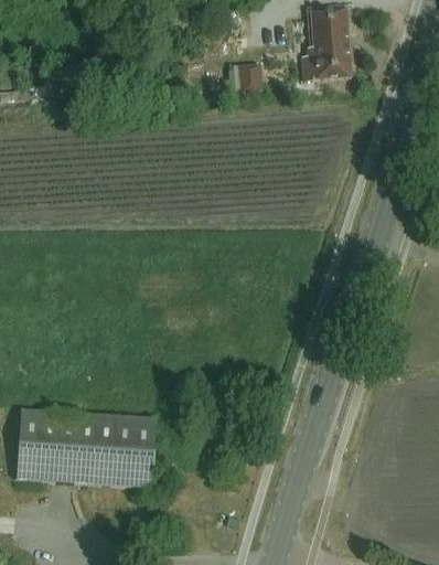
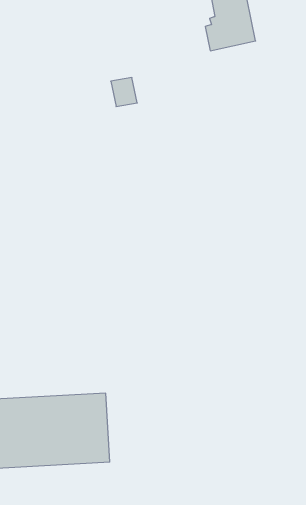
building: [237,64,261,92] -> [111,78,137,107]

